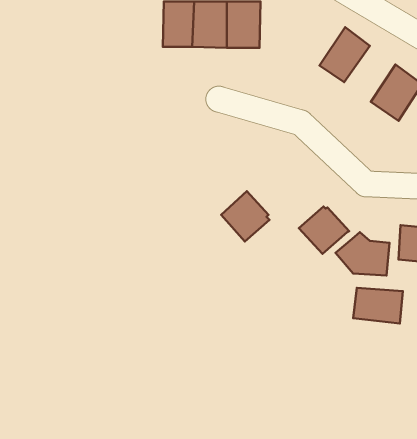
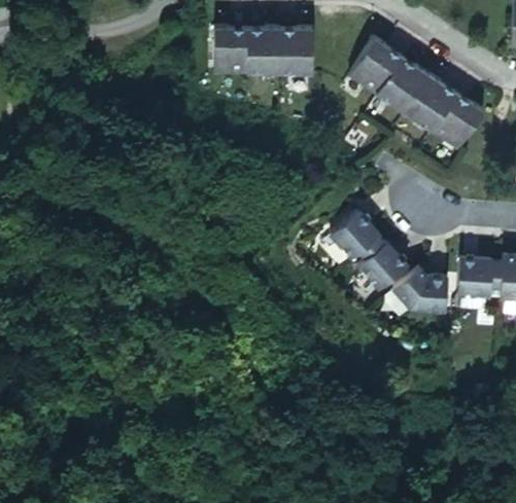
building: none -> [349,34,403,93]
building: none -> [402,72,455,131]
building: [221,191,269,242] -> [330,210,380,262]
building: [353,288,403,324] -> none

